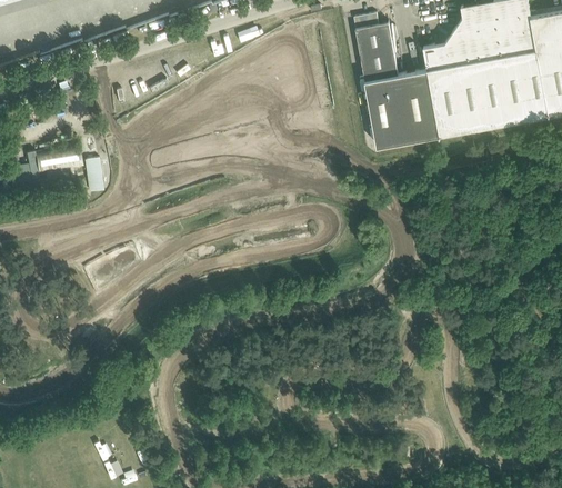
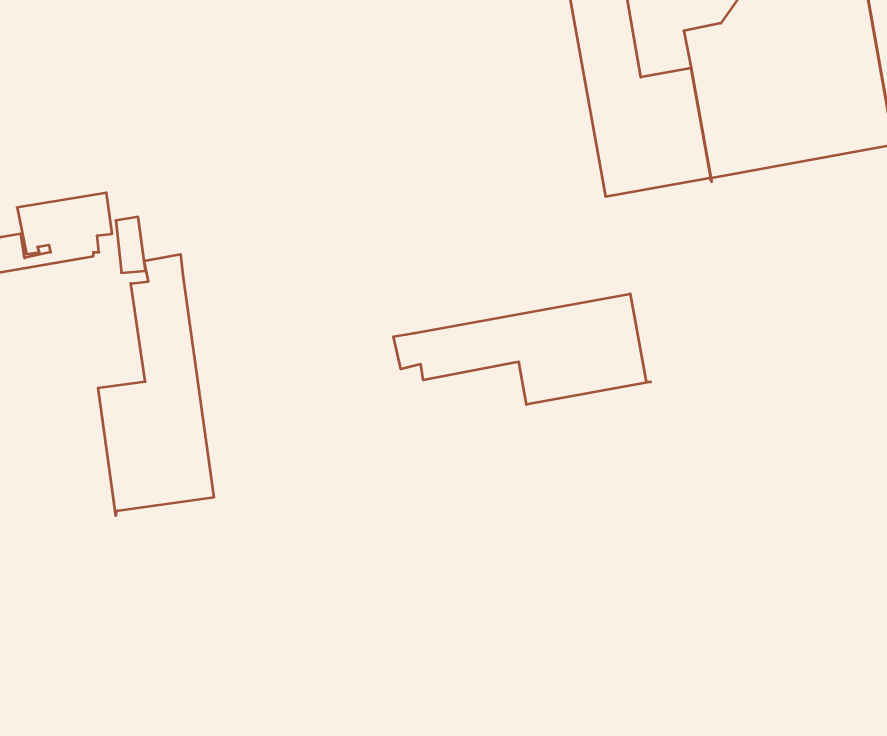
building: none -> [98,254,214,516]
building: none -> [393,294,651,405]

